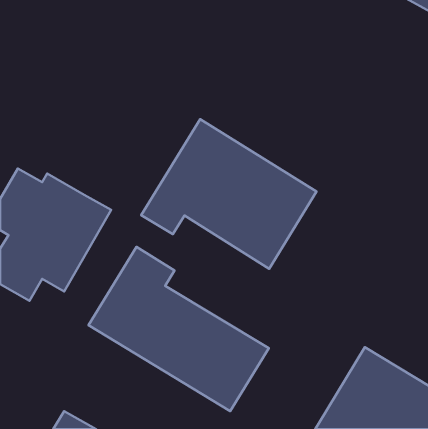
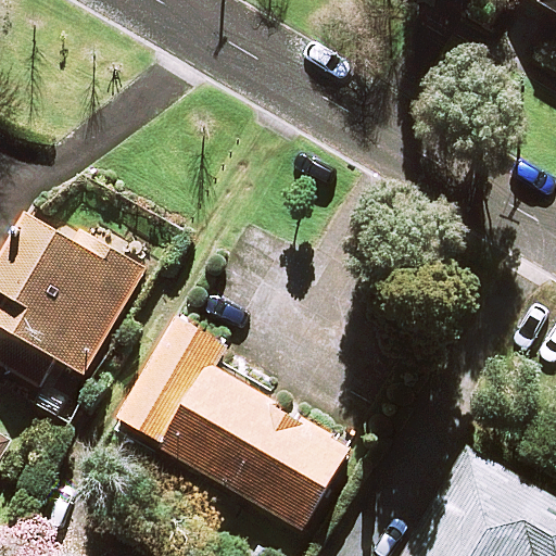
building: [141,119,316,269] -> none

